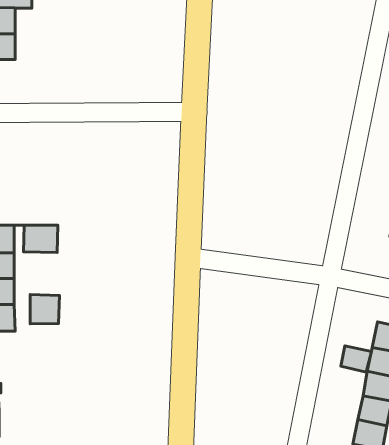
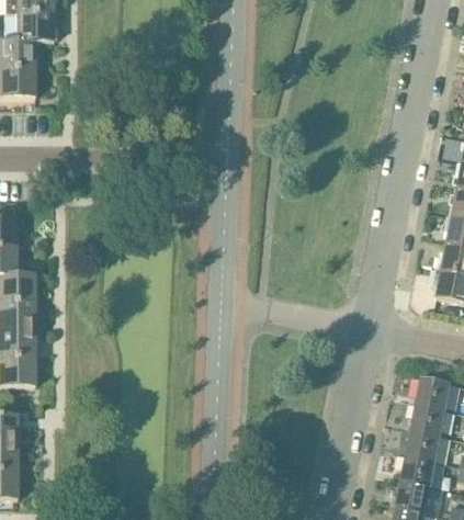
building: [8,225,58,253] -> none
building: [30,294,59,324] -> none
building: [341,346,371,372] -> none

